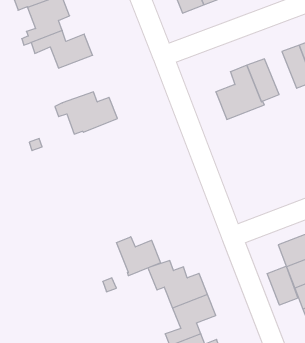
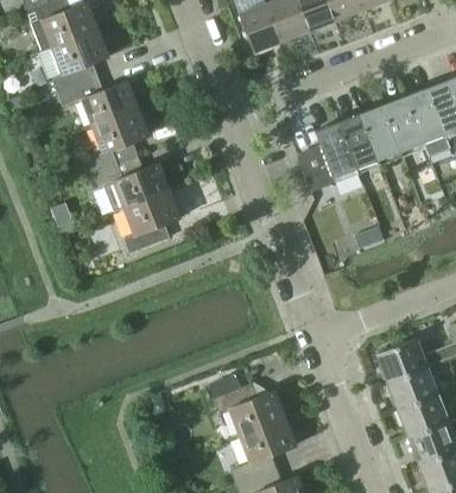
building: none -> [359,103,400,159]
building: none -> [83,108,147,175]
building: none -> [124,190,179,253]
building: [117,237,161,276] -> none
building: [267,266,298,305] -> none

